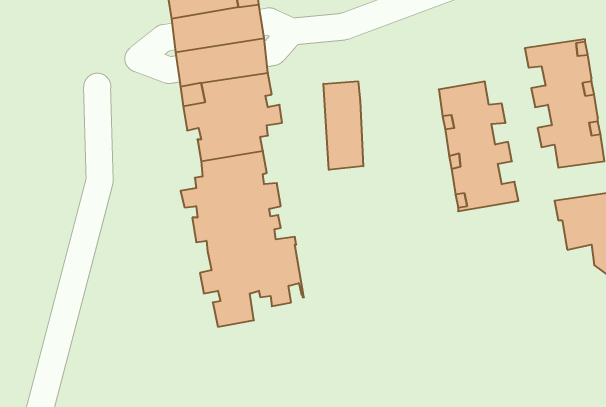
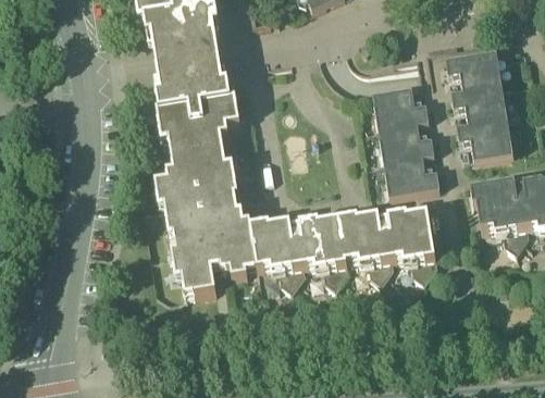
building: [323,81,363,170] -> none
building: none -> [250,211,443,289]

